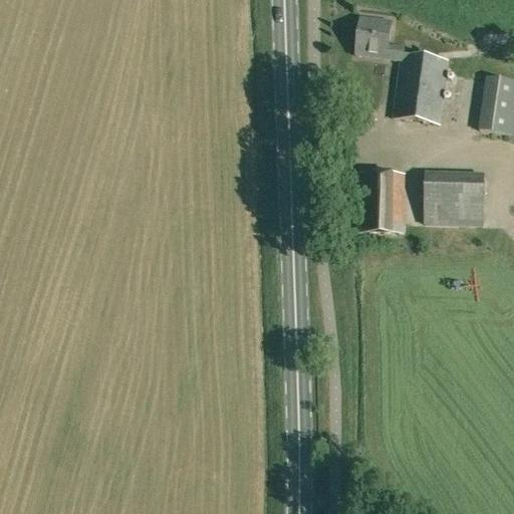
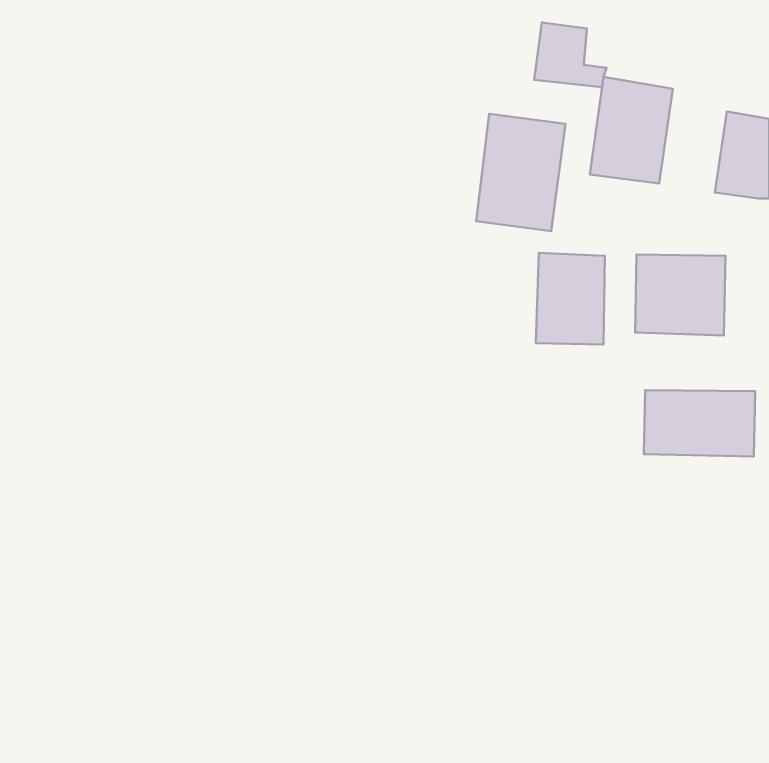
building: none -> [476,114,566,231]
building: none -> [644,390,755,456]

